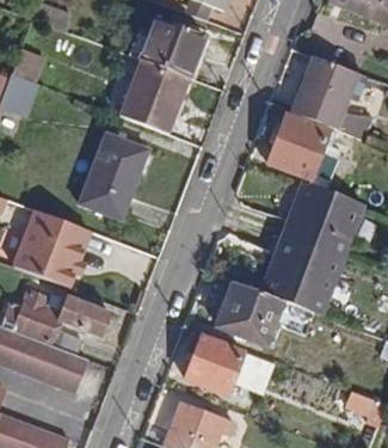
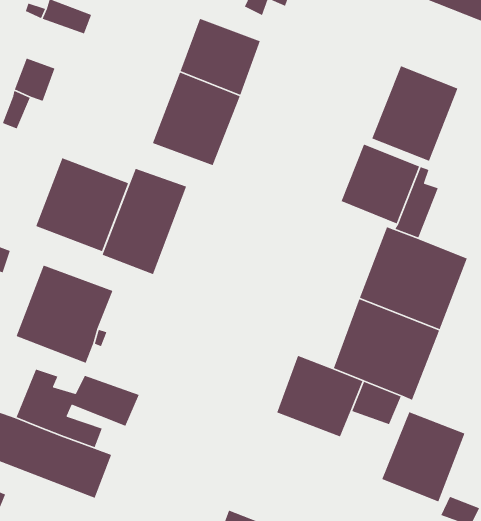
building: none -> [35,157,129,252]
building: none -> [381,411,466,502]
building: [184,332,245,394] -> none

